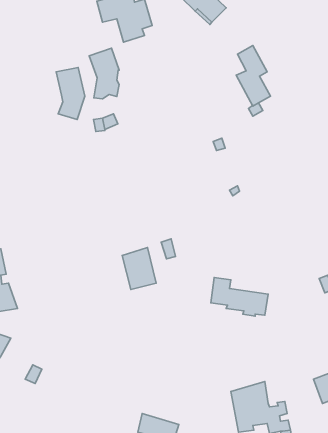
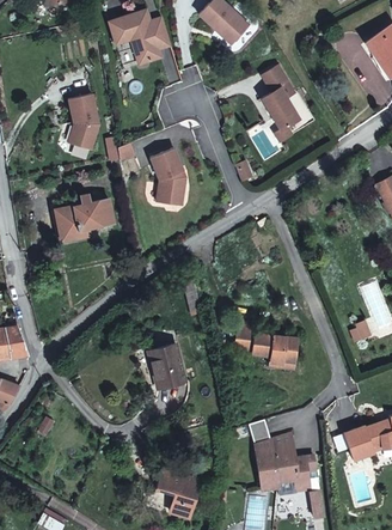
building: [89,48,119,99] -> [151,150,183,205]
building: none -> [55,195,114,239]
building: [122,248,156,290] -> [148,343,185,389]

